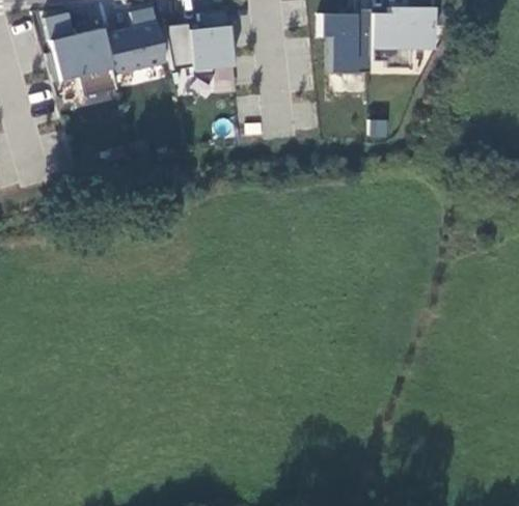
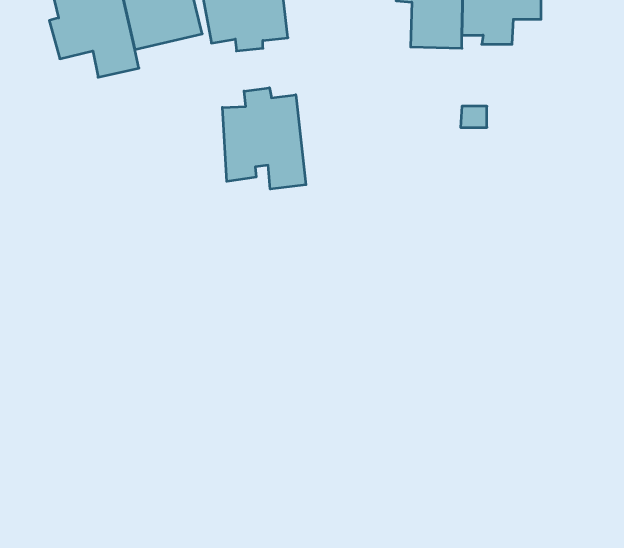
building: none -> [222,88,306,189]

